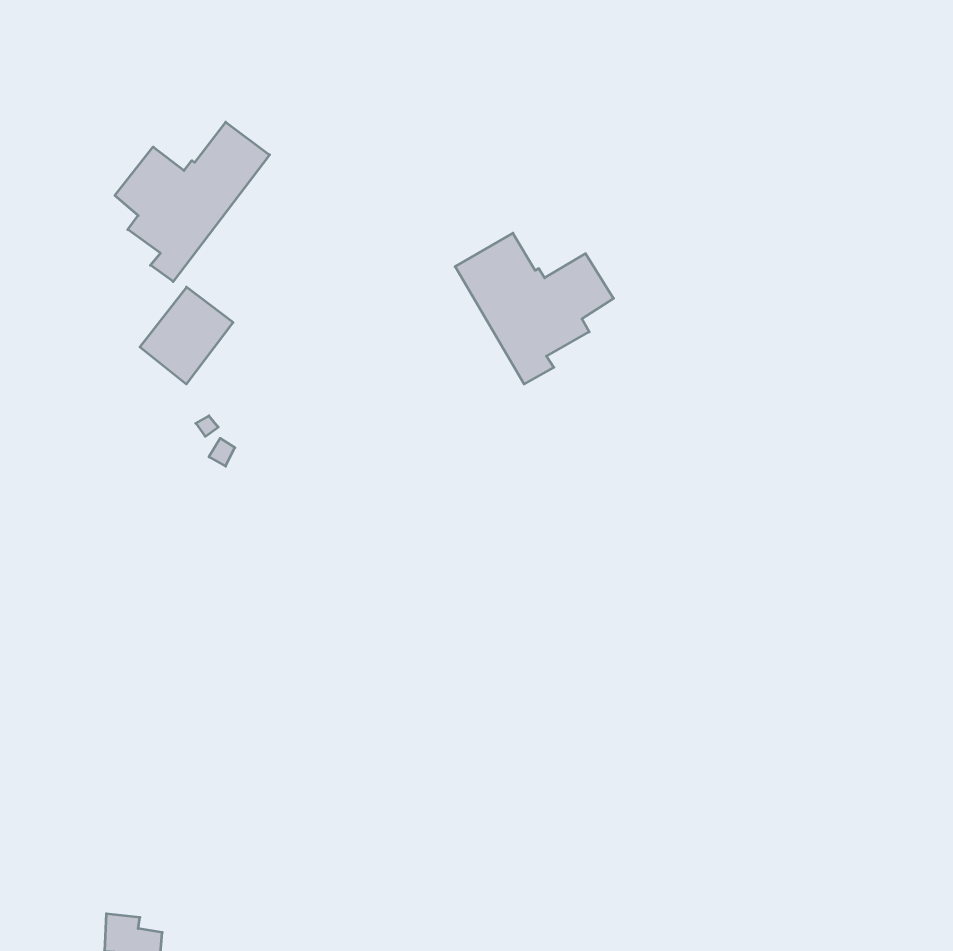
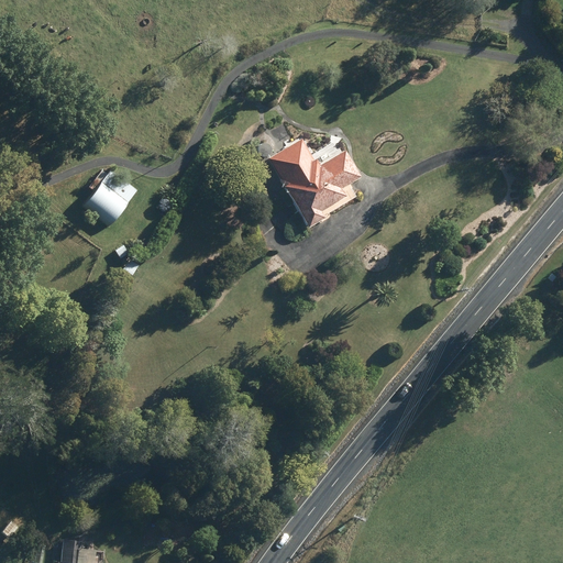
building: [115,122,270,282] -> none

